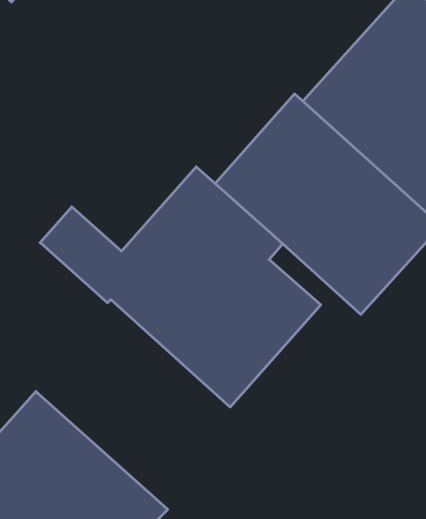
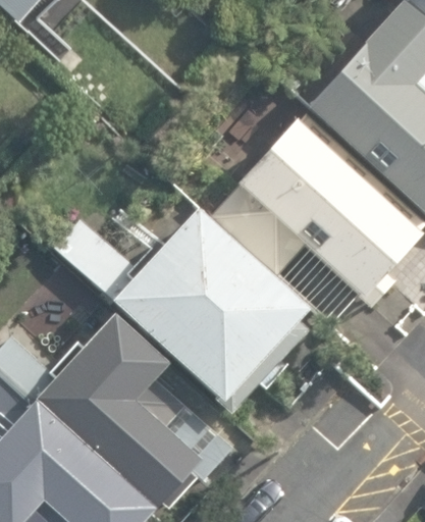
building: none -> [44,311,214,507]

